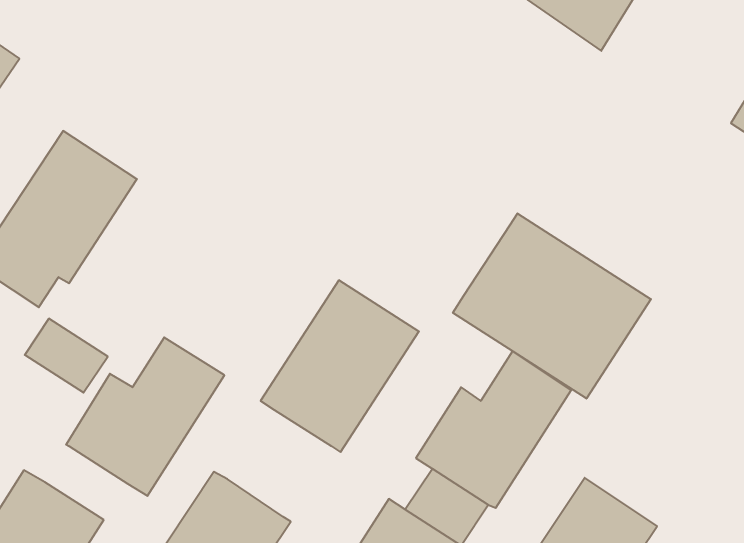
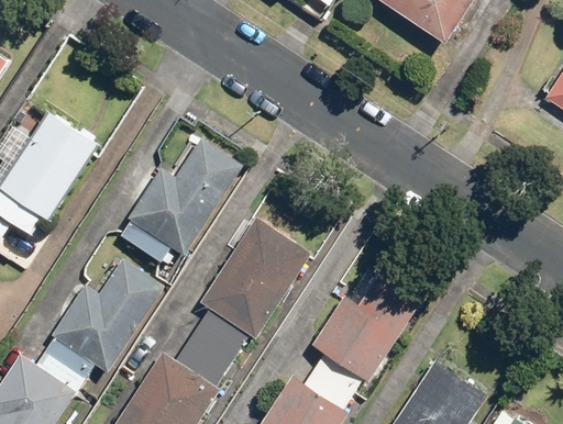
building: none -> [130,136,246,255]
building: [453,213,651,399] -> none
building: [25,319,108,393] -> [37,336,98,390]
building: none -> [170,310,246,388]

